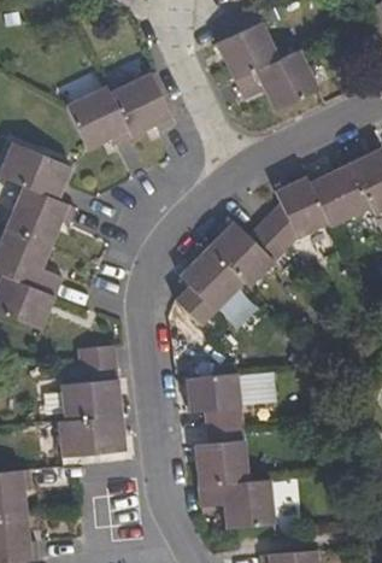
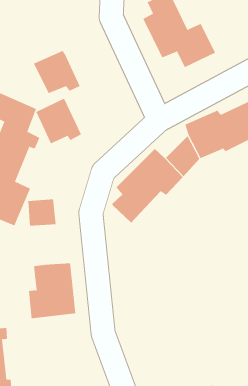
building: [111,72,175,136] -> [36,98,82,144]
building: [78,345,118,382] -> [28,199,56,226]
building: [186,370,275,527] -> none

